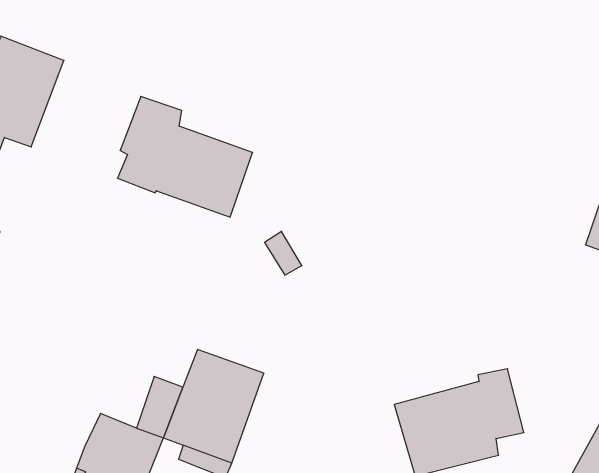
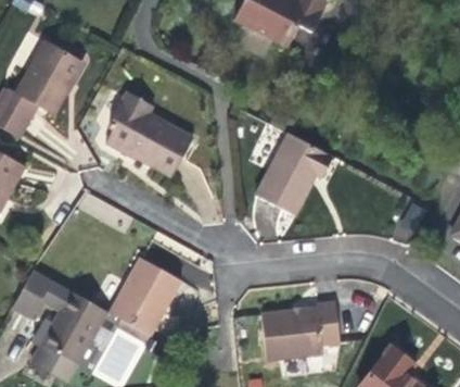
building: none -> [254,132,335,216]
building: none -> [13,270,72,315]

